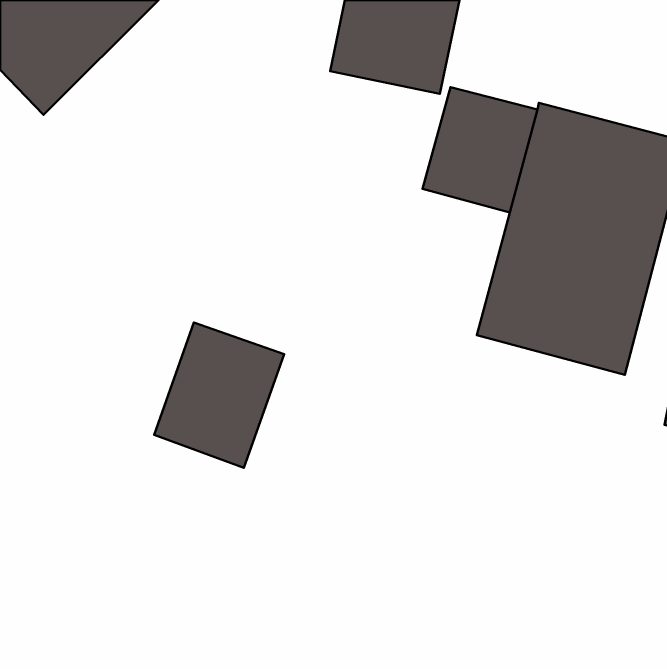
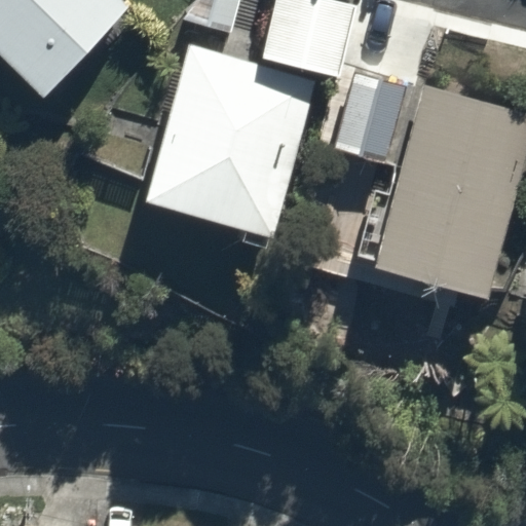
building: none -> [136,45,312,239]
building: [154,322,284,468] -> none

